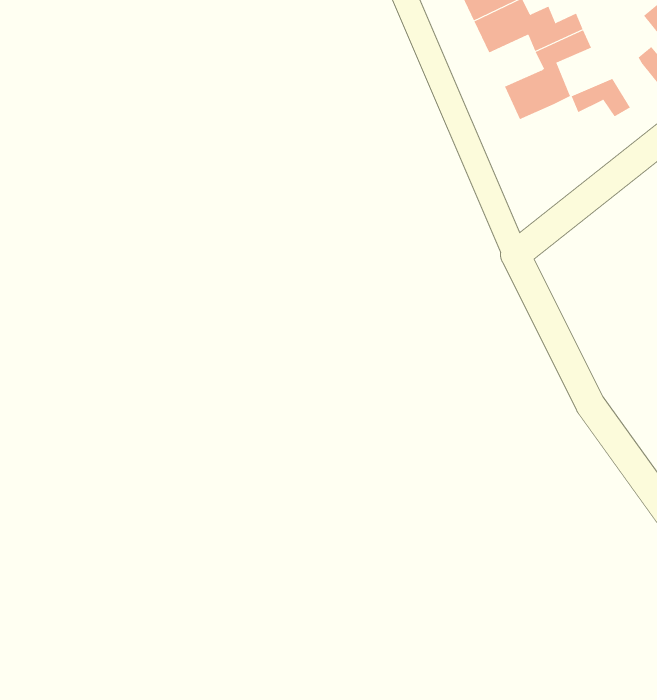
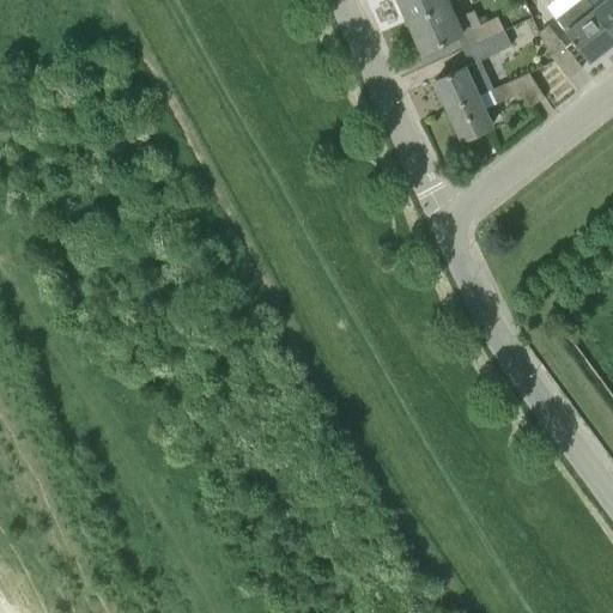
building: none -> [448,95,491,139]

